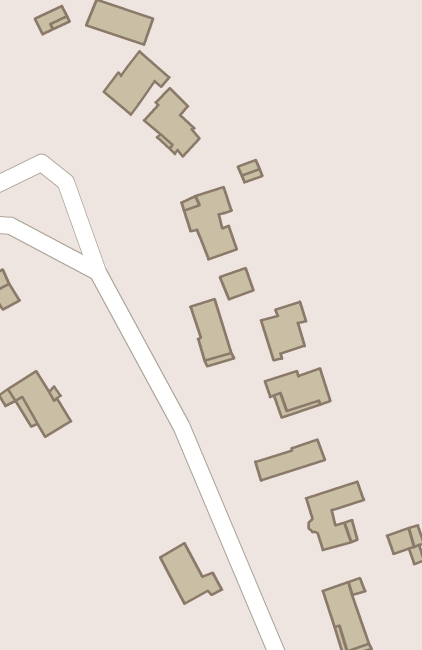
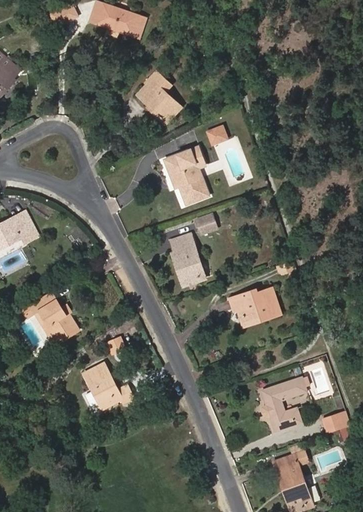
building: [104,51,169,115] -> none
building: [261,302,306,360] -> none
building: [255,440,325,481] -> none
building: [160,543,222,604] -> [84,361,132,408]

